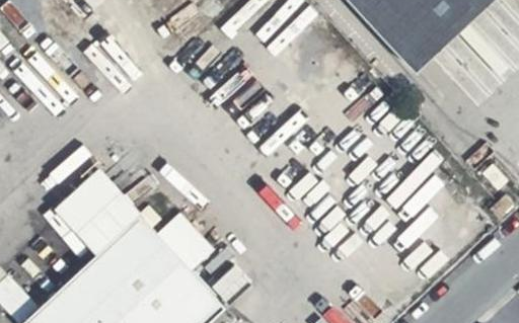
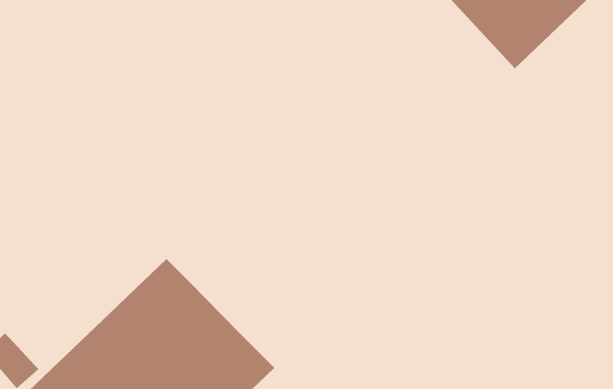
building: [50,170,139,257] -> none
building: [157,215,212,272] -> none

